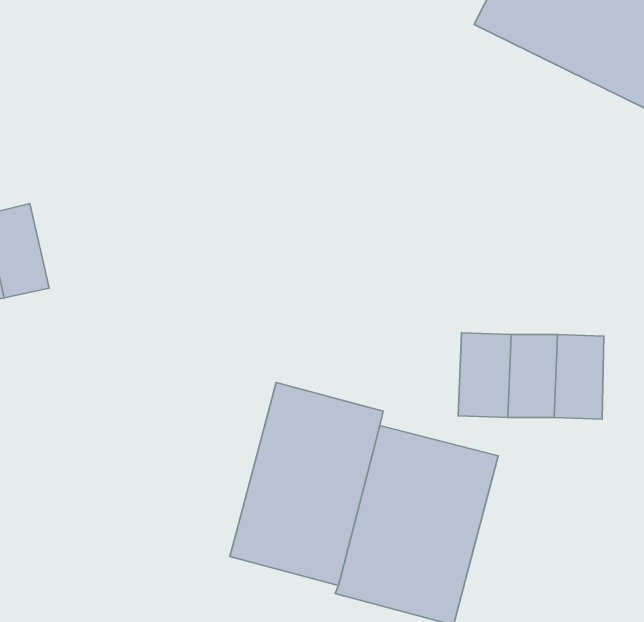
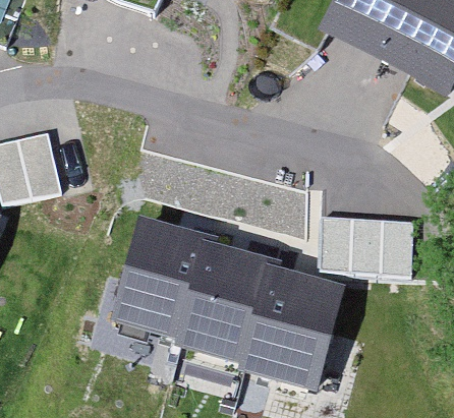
building: none -> [109,221,206,346]

